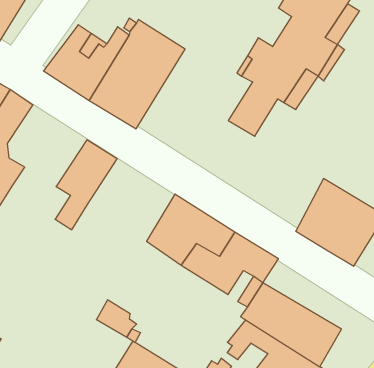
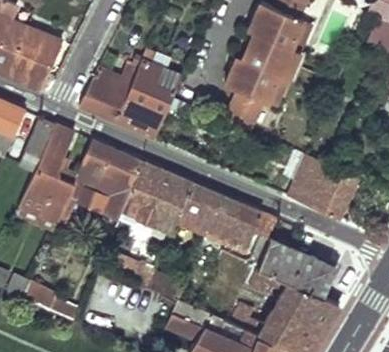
building: none -> [68,142,119,200]
building: none -> [127,165,192,235]

